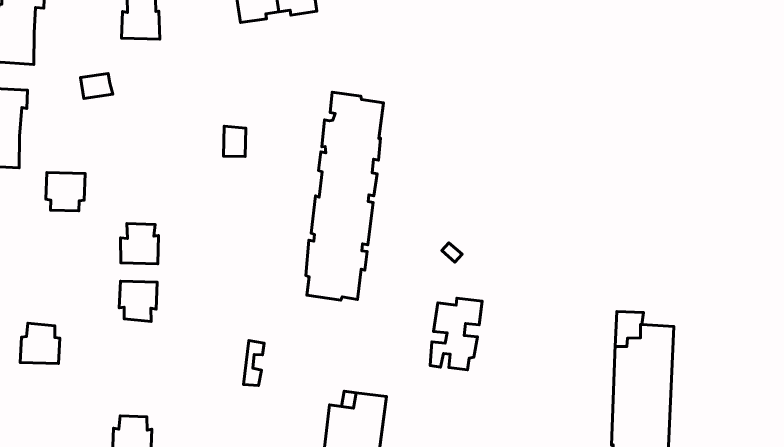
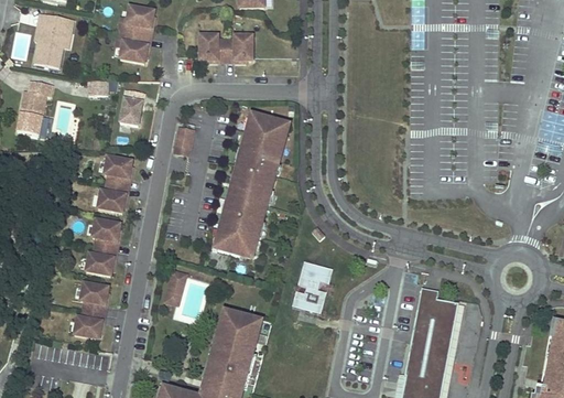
building: none -> [121,87,144,123]
building: [46,172,85,211] -> [104,154,132,183]
building: [20,323,60,363] -> [86,243,115,272]
building: none -> [80,280,108,310]

